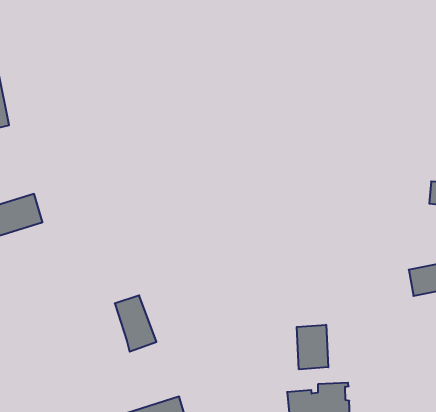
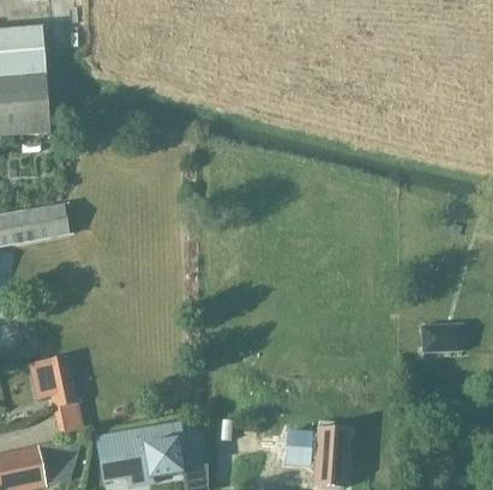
building: [115,295,156,352] -> [46,356,82,410]
building: [297,325,328,369] -> none

